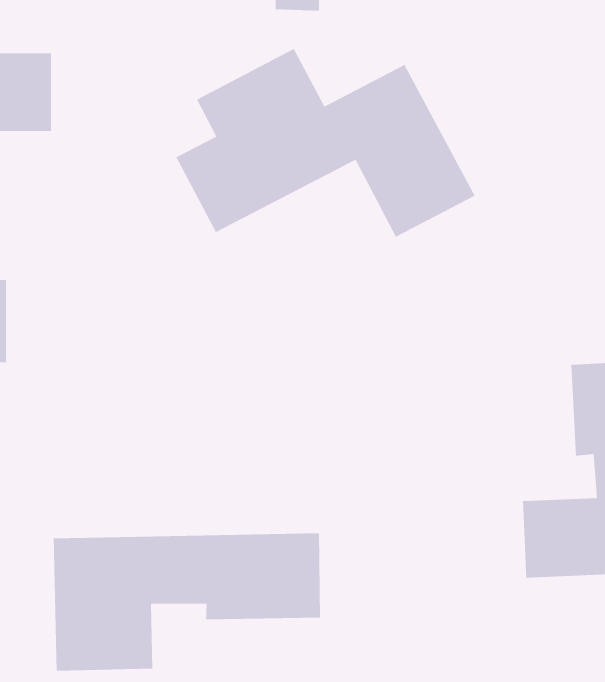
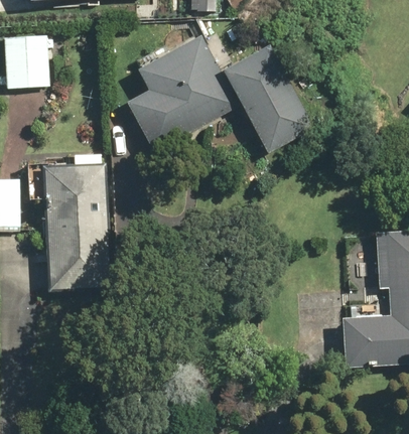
building: none -> [46,153,110,289]
building: [53,532,320,671] -> none

